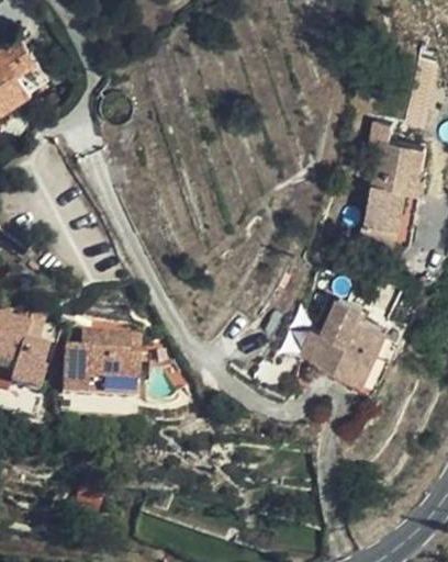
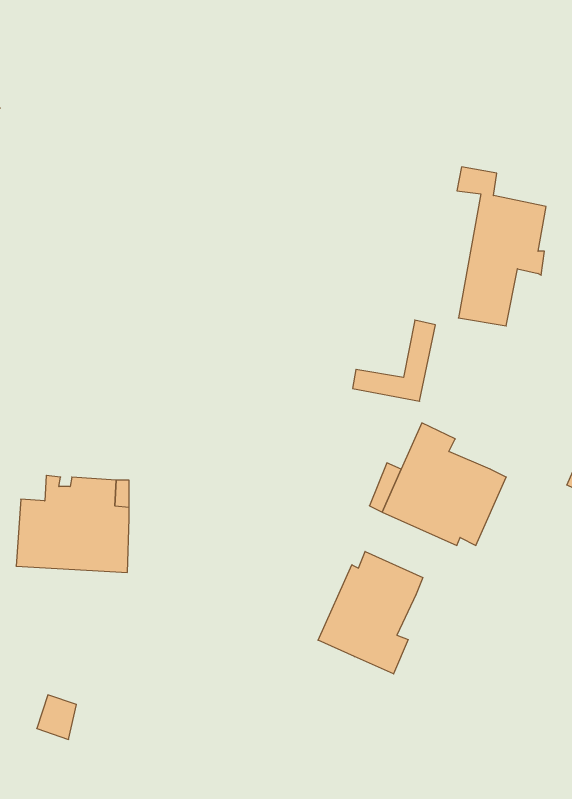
building: [361,189,418,245] -> [353,320,435,401]
building: none -> [318,551,423,674]

